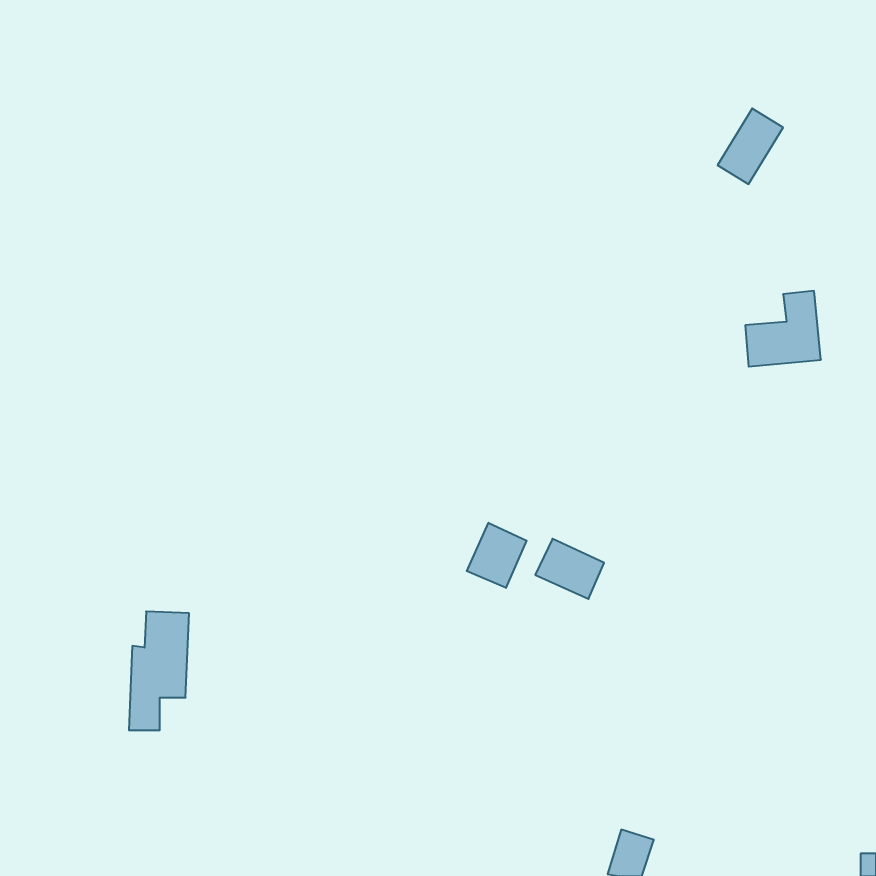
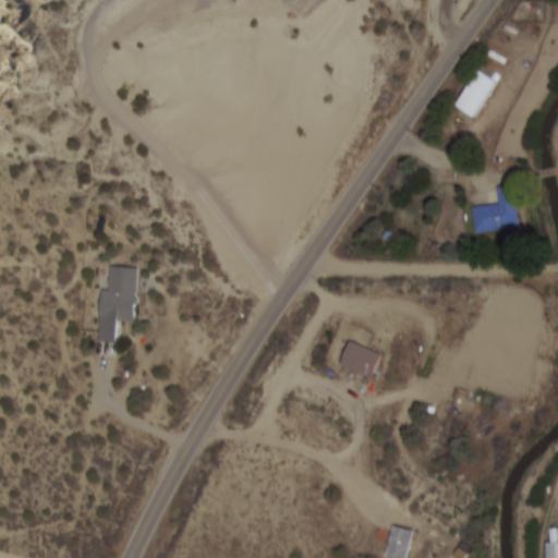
building: [467,523,527,588] -> none
building: [129,611,189,730] -> [98,267,136,342]

